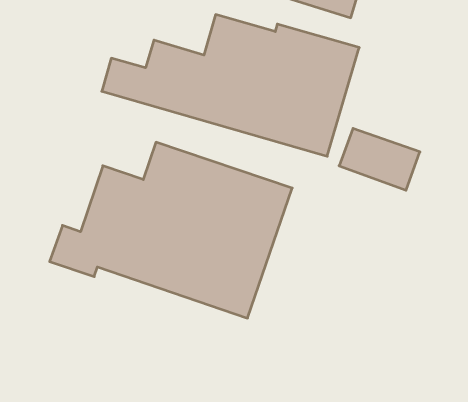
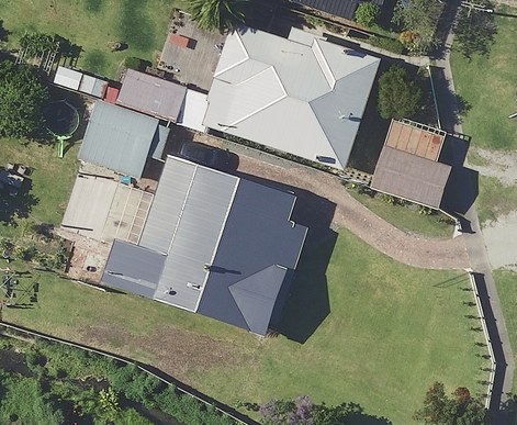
building: none -> [78,102,158,178]

